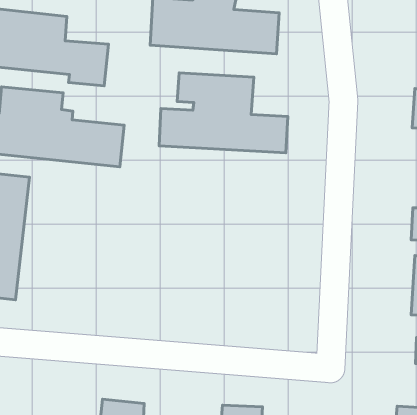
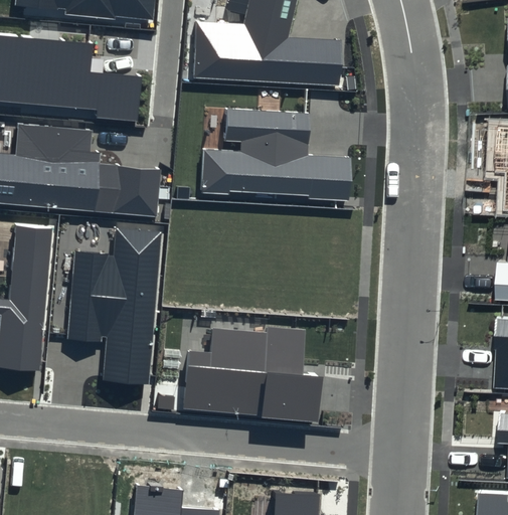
building: none -> [68,228,161,384]
building: none -> [183,327,323,423]

